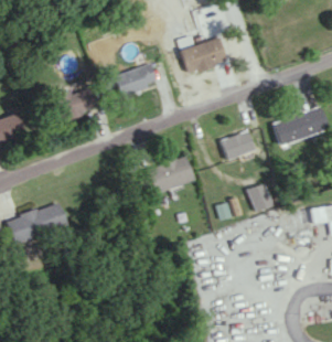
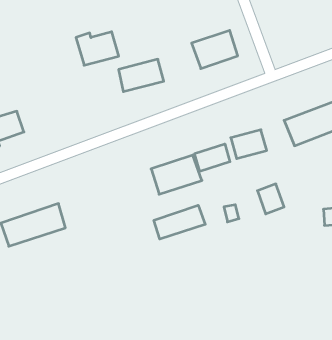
building: [58,87,99,119] -> [76,32,119,65]
building: none -> [195,144,230,171]
building: none -> [154,205,205,239]

